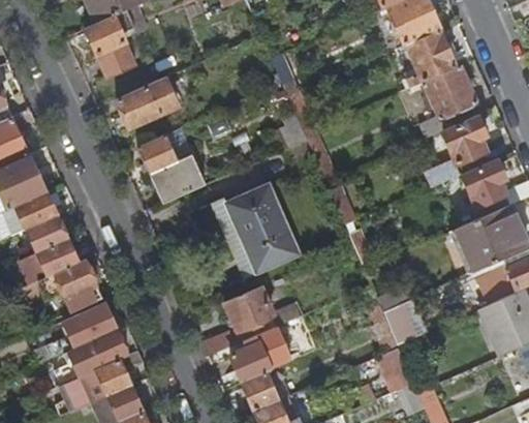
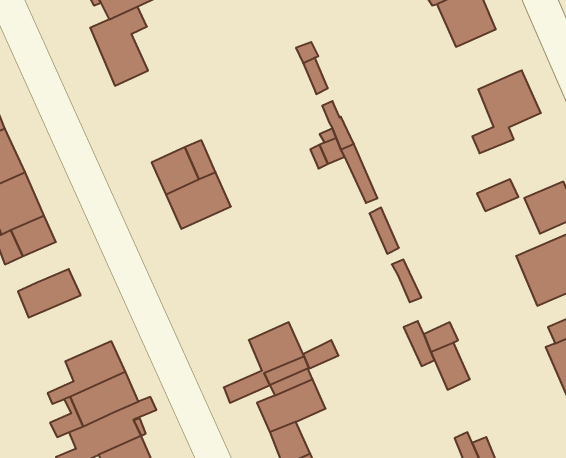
building: [407,29,457,82] -> none
building: [118,77,178,126] -> none
building: [442,118,487,165] -> none
building: [211,183,299,277] -> none
building: [26,215,66,251] -> none
building: [13,259,101,310] -> none
building: [378,348,414,391] -> none

